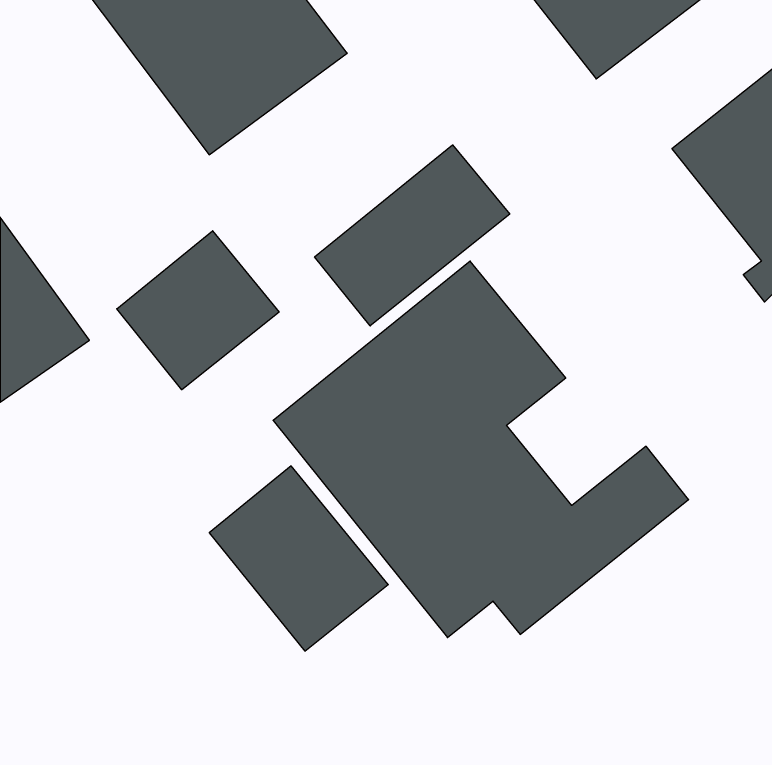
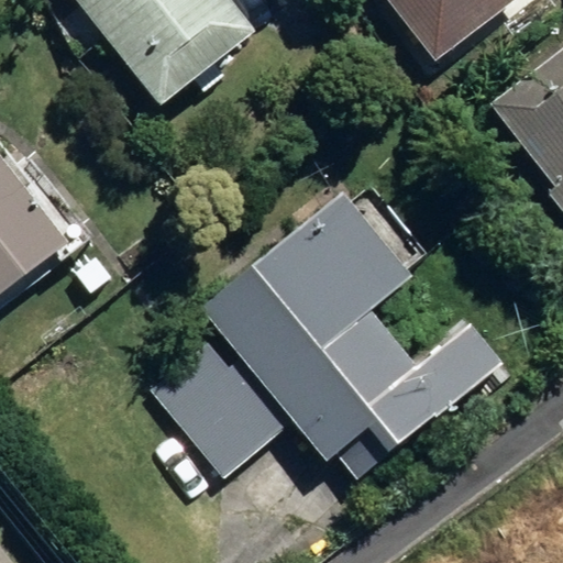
building: [315,145,510,326] -> none
building: [117,231,279,390] -> none

